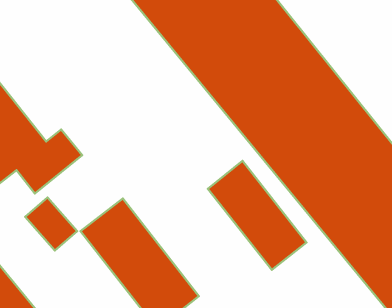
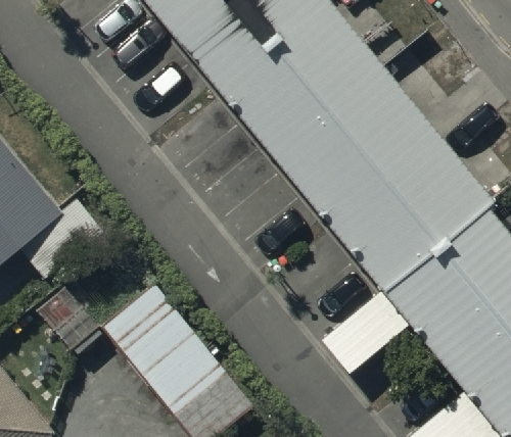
building: [208,161,307,270] -> none

